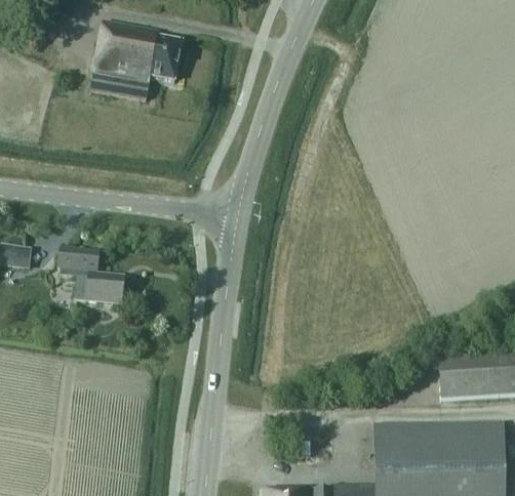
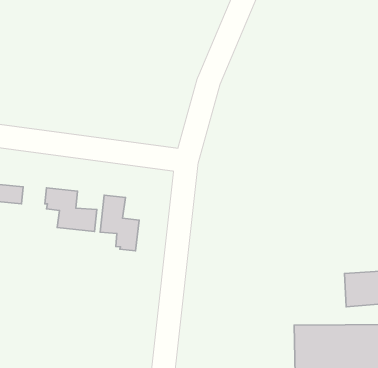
building: [90,19,183,99] -> none
building: none -> [100,195,139,251]

